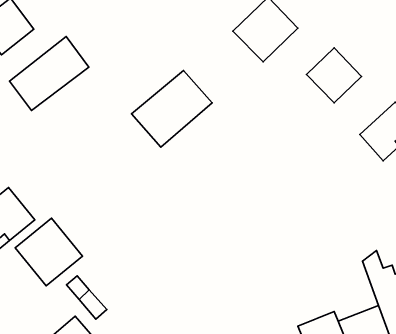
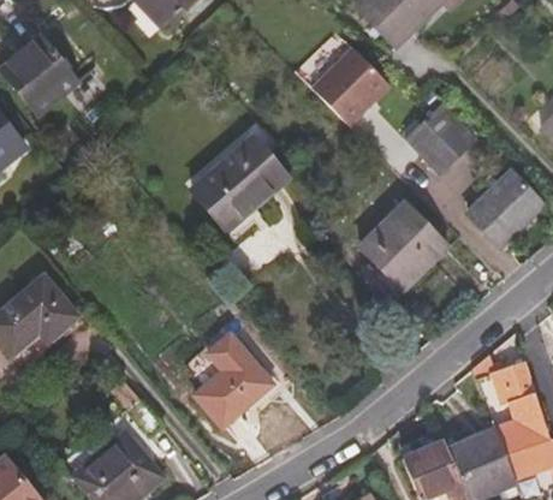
building: [9,37,89,111] -> none
building: none -> [363,202,450,290]
building: [15,218,83,286] -> none
building: none -> [195,340,272,425]

